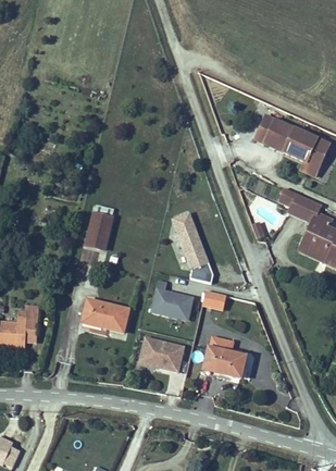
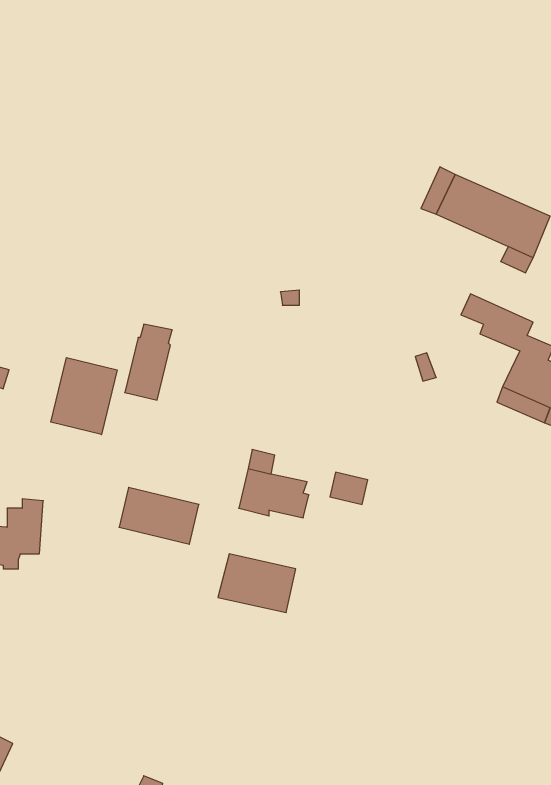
building: [171,213,209,270] -> none
building: none -> [51,358,117,435]
building: [203,336,245,377] -> none

